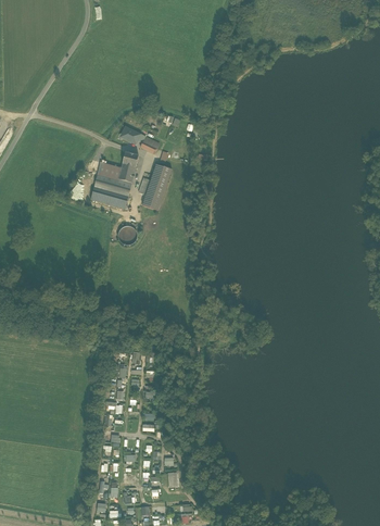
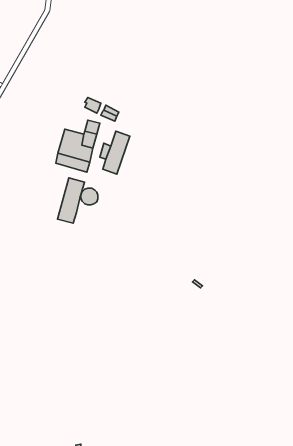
building: none -> [57,178,85,223]

